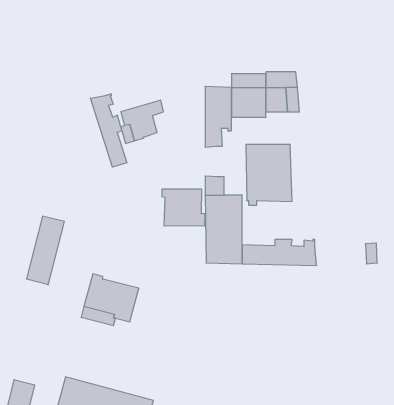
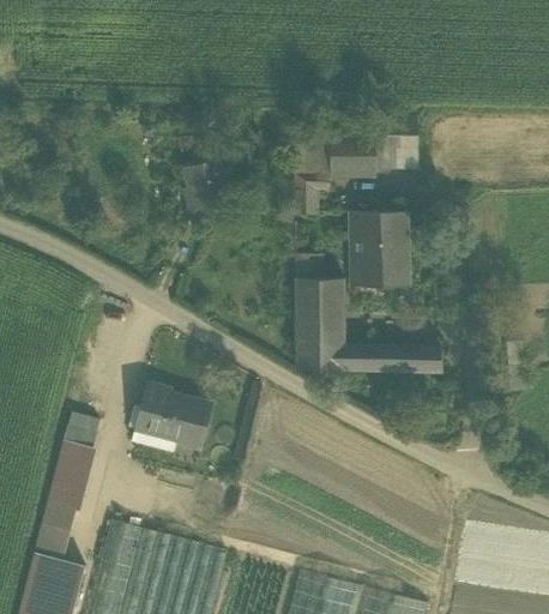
building: [90,94,127,167] -> none
building: [162,189,205,226] -> none
building: [26,216,64,285] -> [42,443,92,534]
building: none -> [61,411,99,444]

